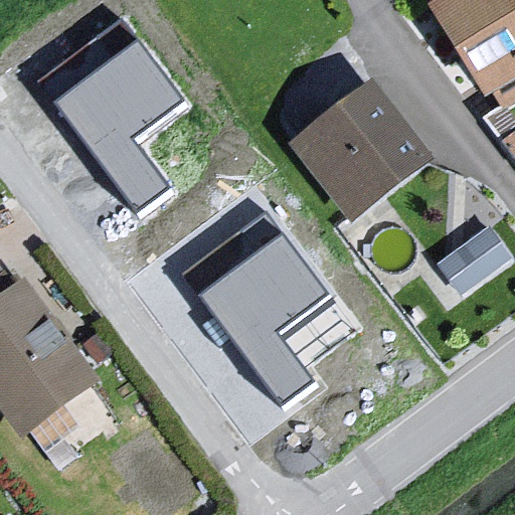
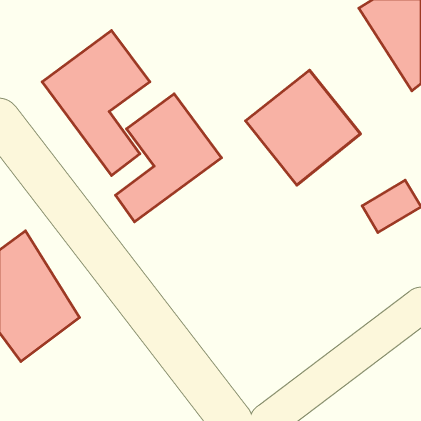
building: none -> [115,94,222,222]
building: [194,230,325,406] -> none

